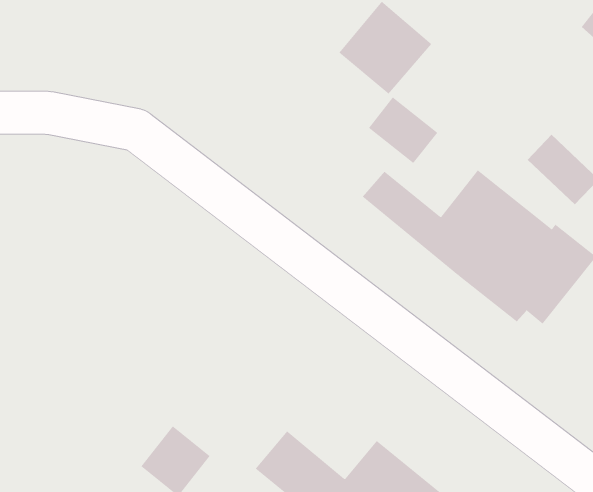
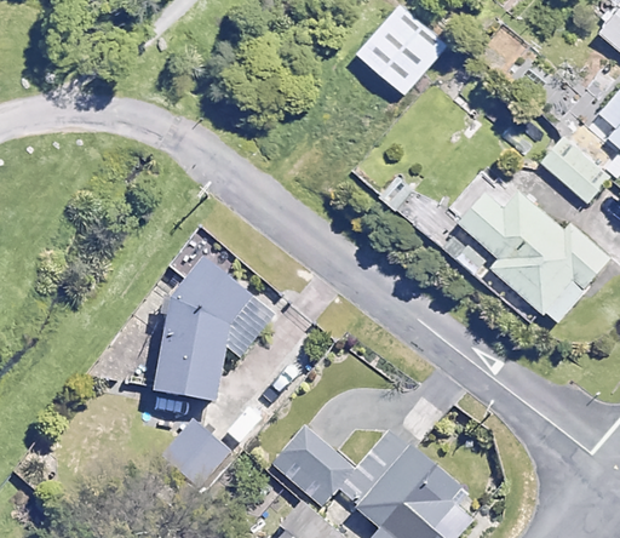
building: [368,97,438,164] -> none
building: none -> [151,259,270,401]

